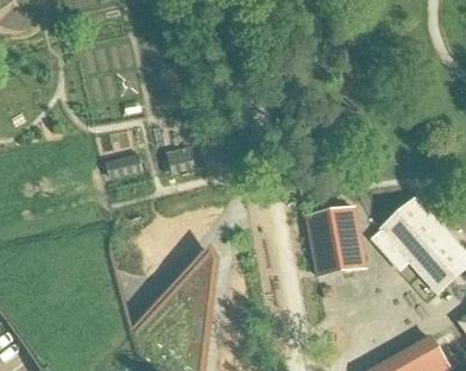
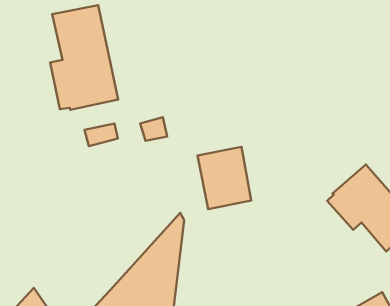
building: none -> [50,5,118,110]
building: [306,207,365,276] -> [198,147,251,209]

